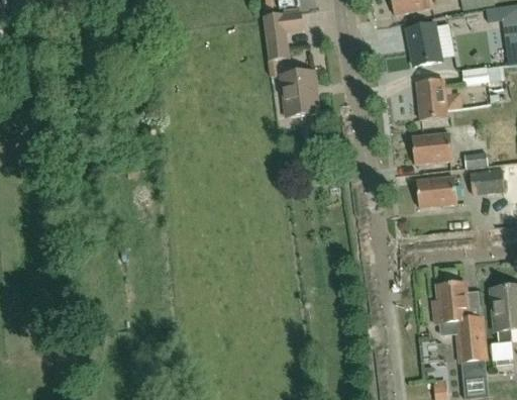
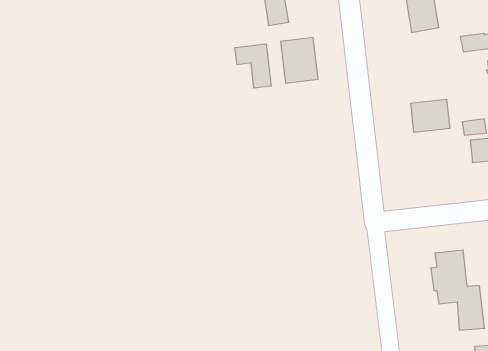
building: none -> [235,44,271,88]
building: [415,79,446,118] -> none
building: [415,175,455,207] -> none

